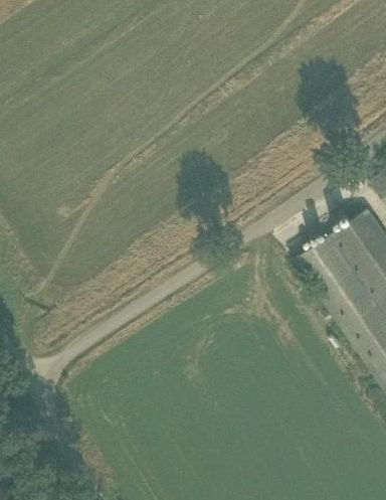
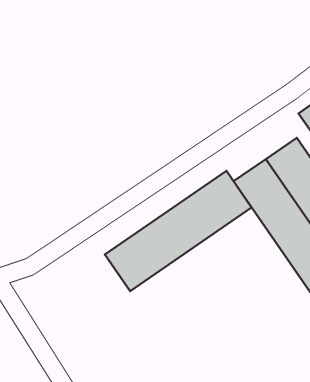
building: none -> [105,171,252,291]

